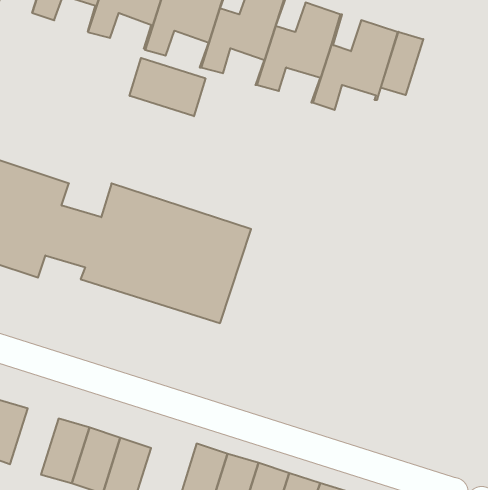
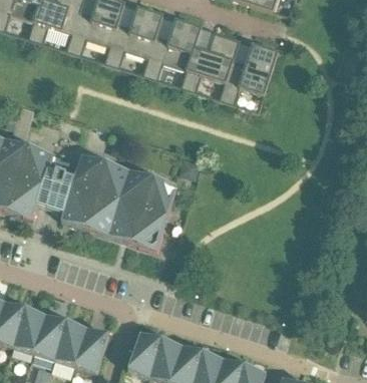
building: [381,32,423,95] -> none
building: [130,58,205,116] -> none
building: none -> [12,309,45,354]

